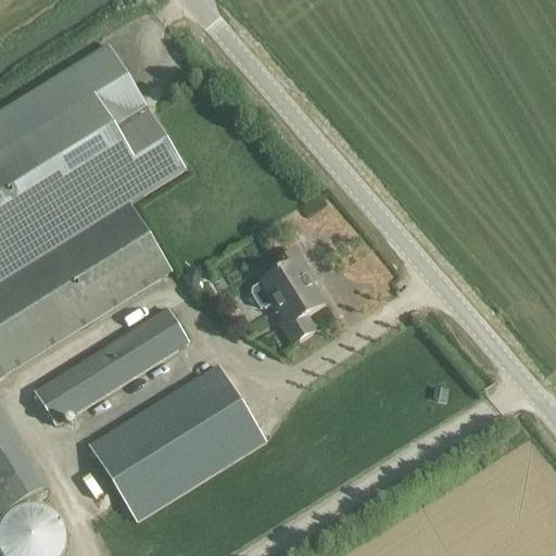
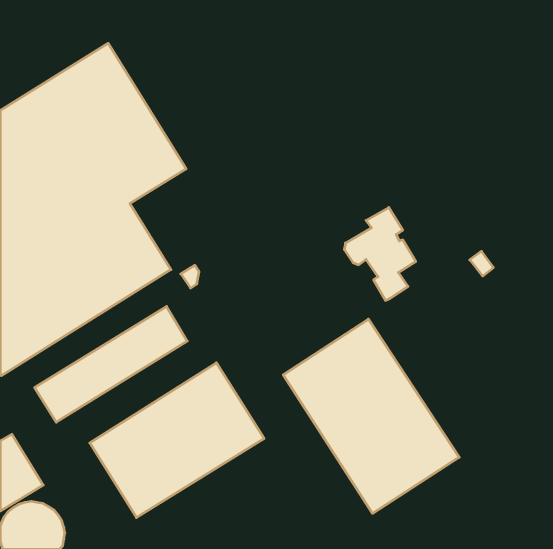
building: [252,250,324,343] -> [344,207,416,300]
building: none -> [283,319,459,513]

